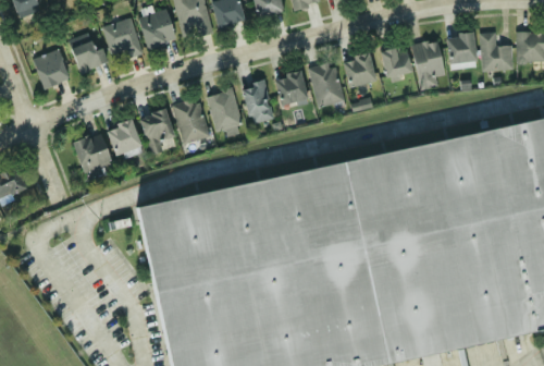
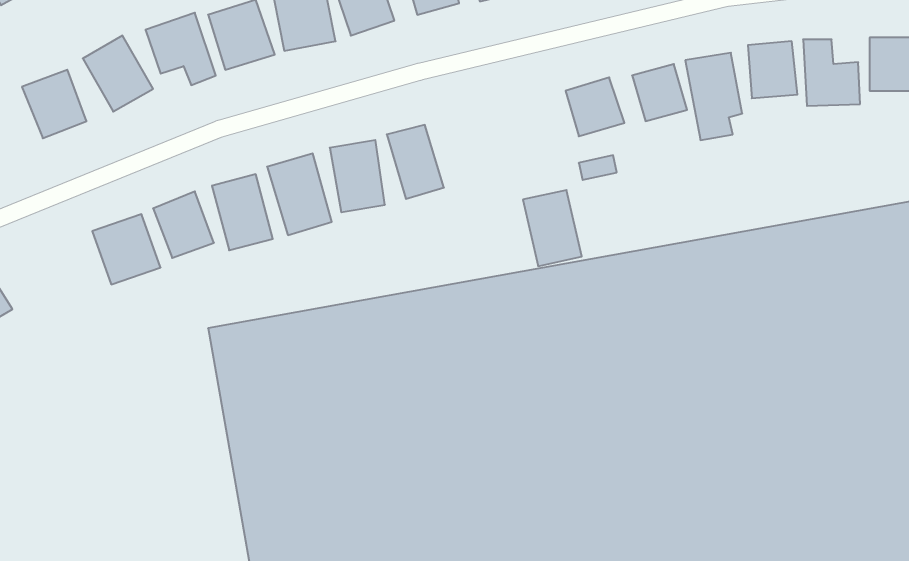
building: [309,62,343,106] -> [523,190,582,266]
building: [274,71,308,106] -> none

